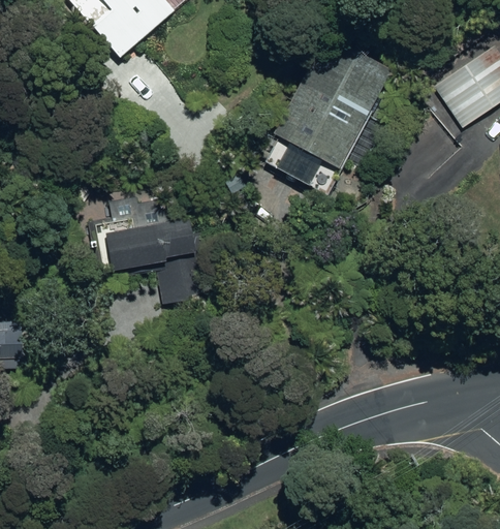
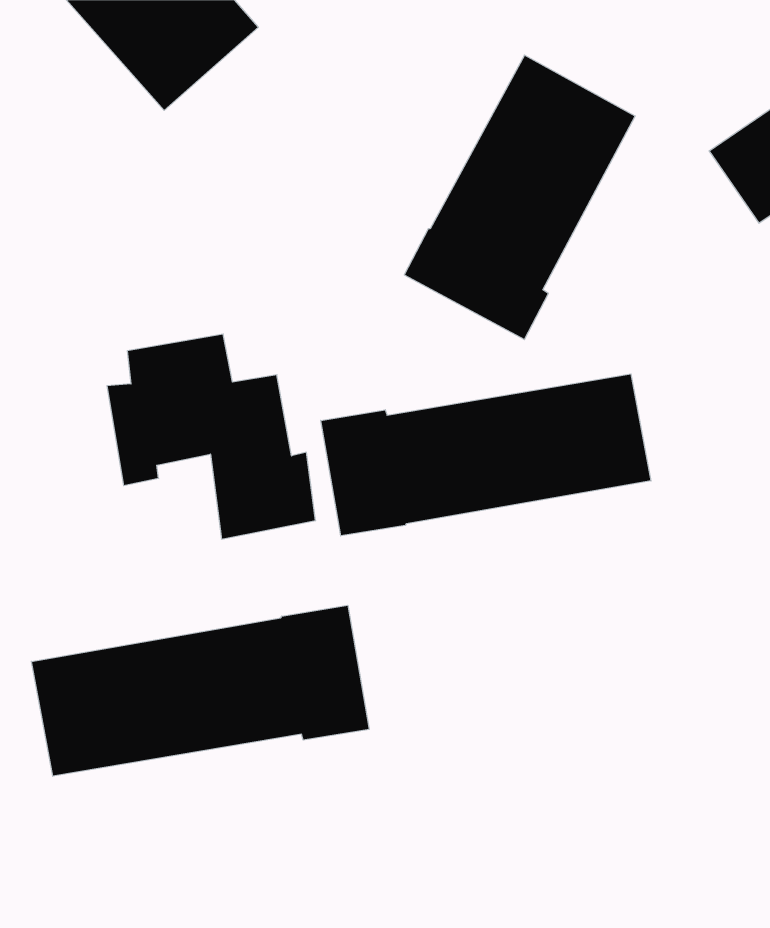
building: none -> [321,374,651,536]
building: none -> [31,605,369,776]

